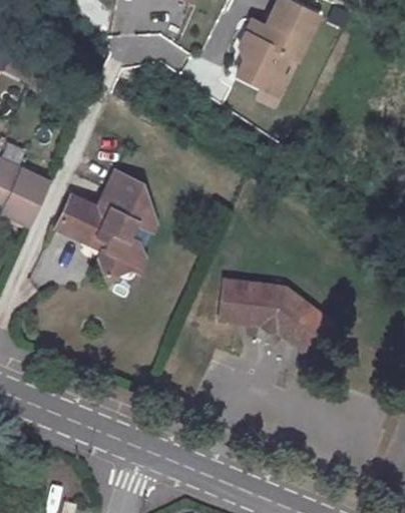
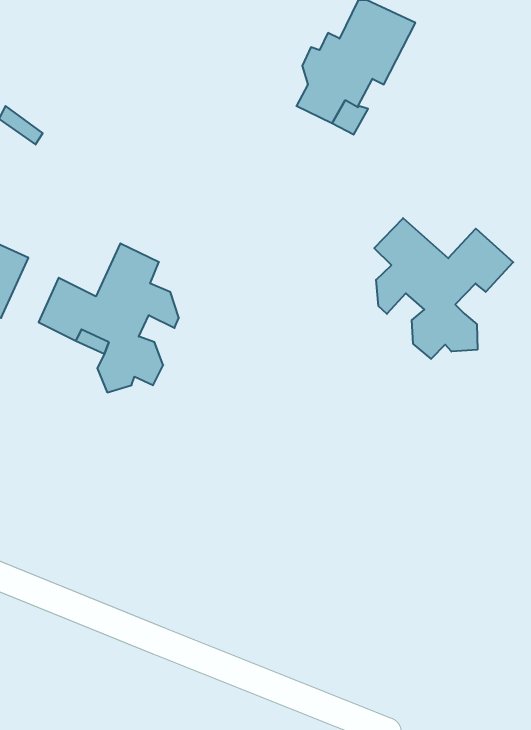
building: none -> [374,218,513,359]
building: [215,279,331,355] -> none

